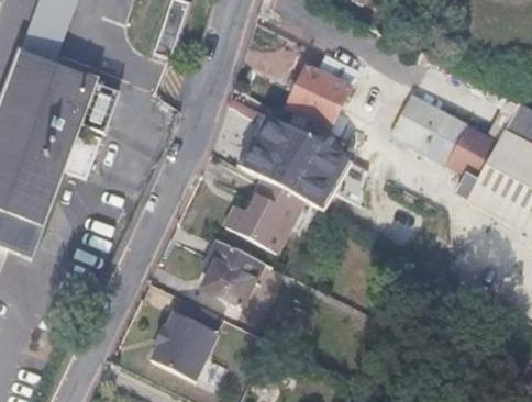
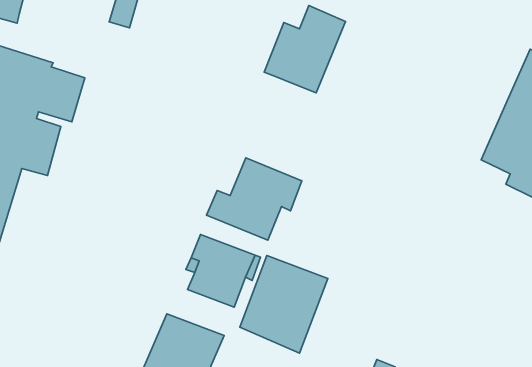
building: [389,94,496,178] -> none
building: [246,115,358,206] -> none
building: none -> [240,255,328,353]

